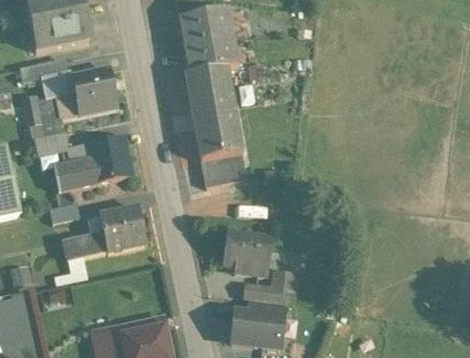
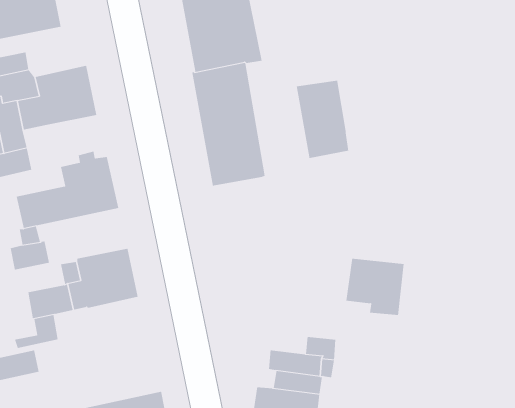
building: none -> [296,80,349,159]
building: [202,153,244,185] -> none
building: [225,232,269,275] -> [346,258,405,316]

